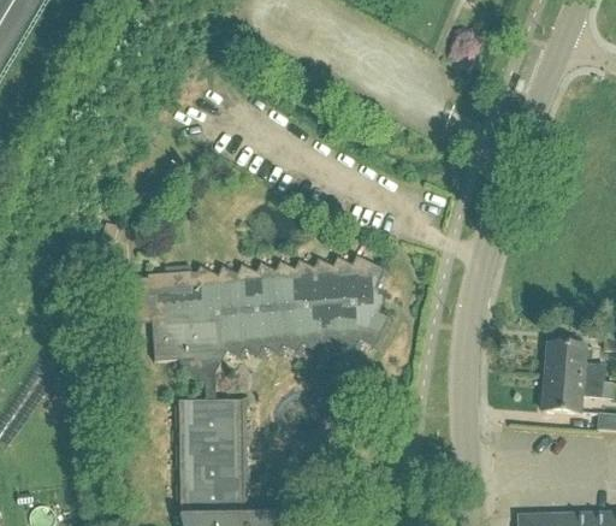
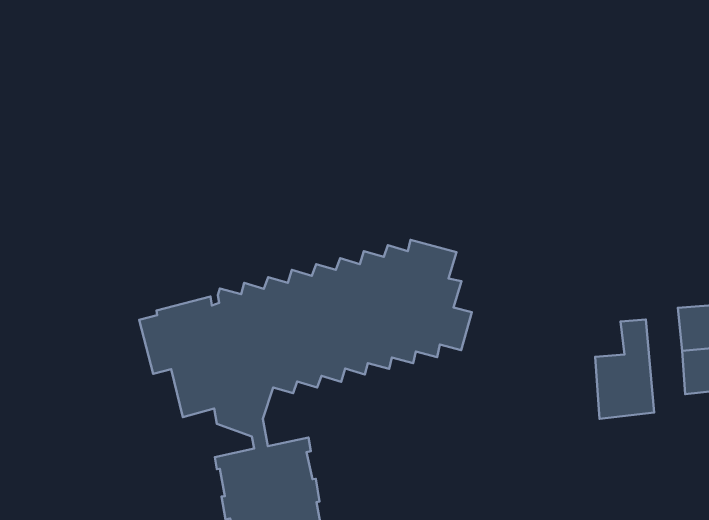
building: none -> [595,320,654,419]

